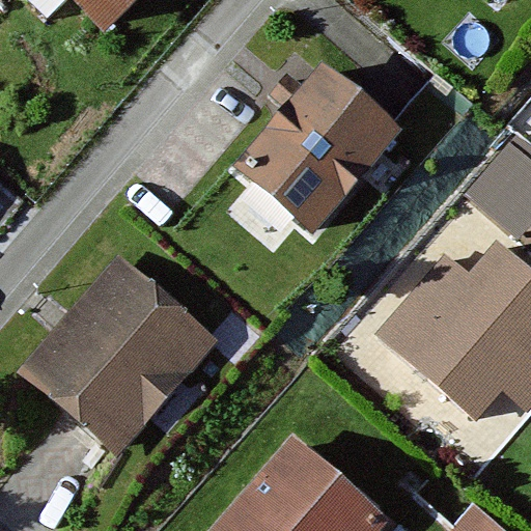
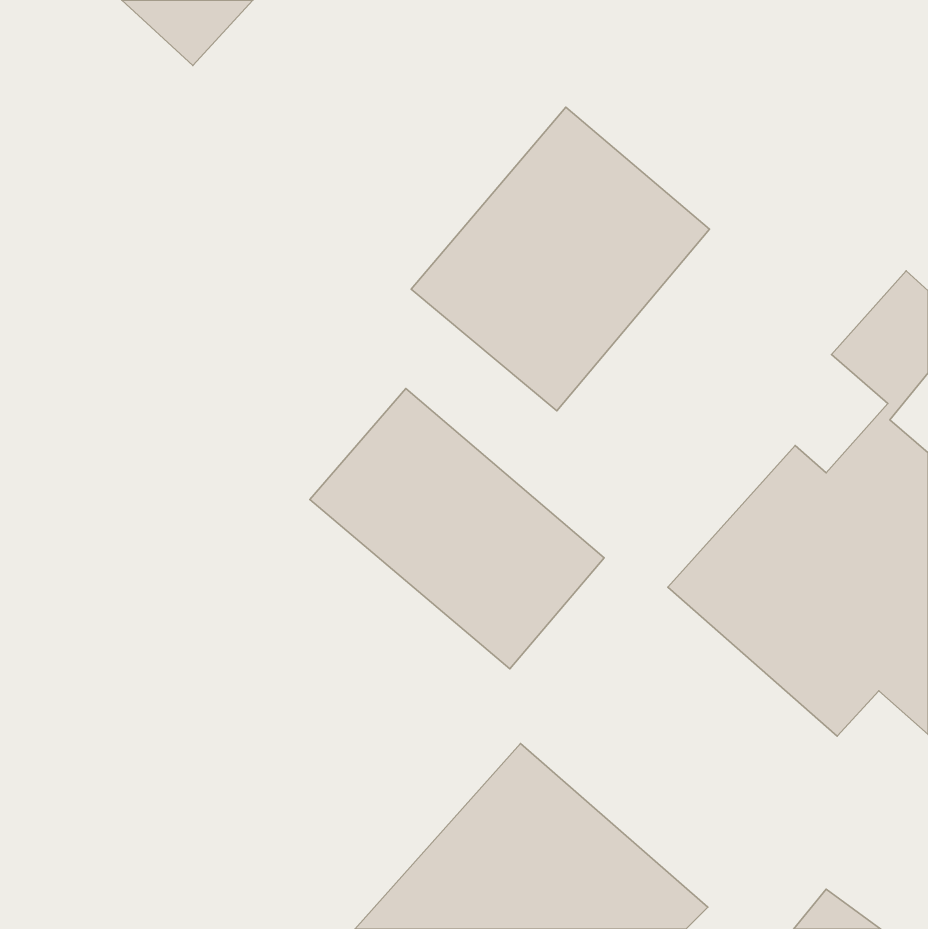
building: none -> [310,389,604,669]
building: [17,263,215,463] -> none

